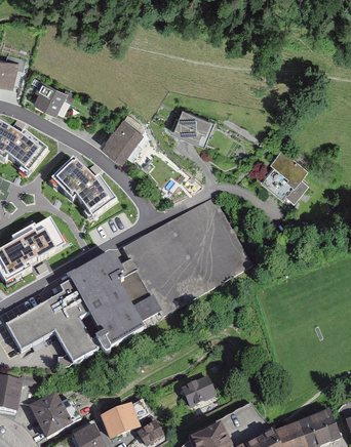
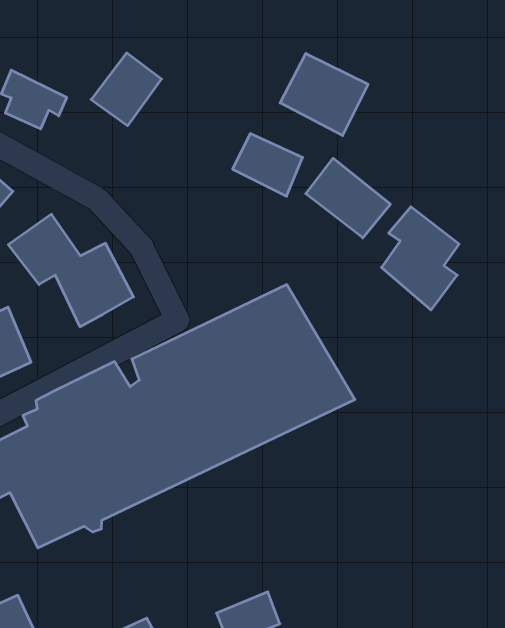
building: none -> [280,53,368,136]
building: [103,117,144,160] -> [91,53,162,126]
building: none -> [306,158,390,238]

